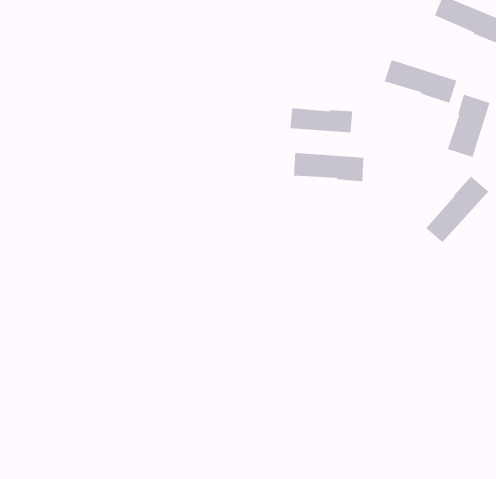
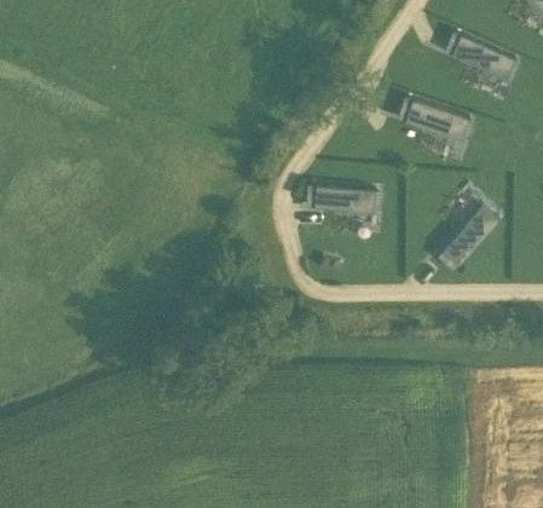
building: [447,94,490,158] -> none
building: [290,108,353,133] -> none

